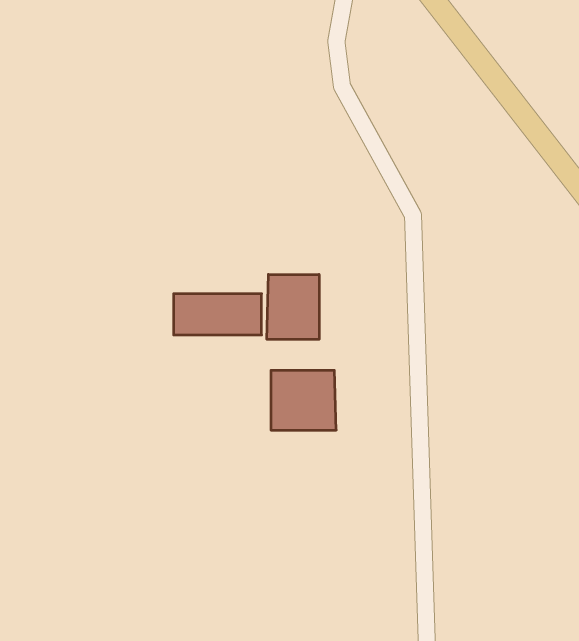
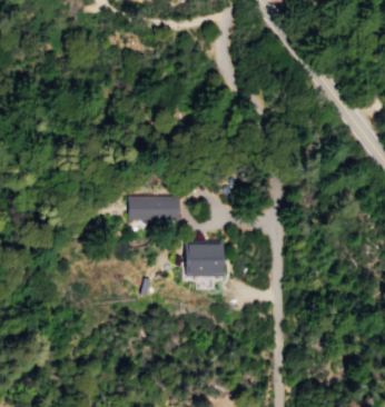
building: [267,274,319,339] -> none

